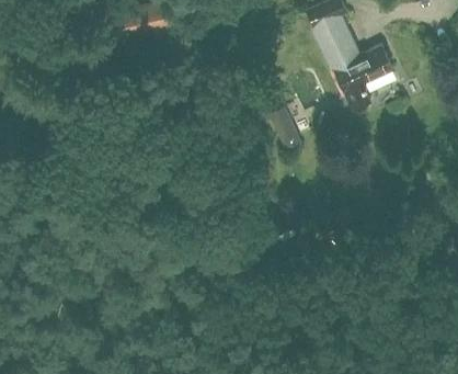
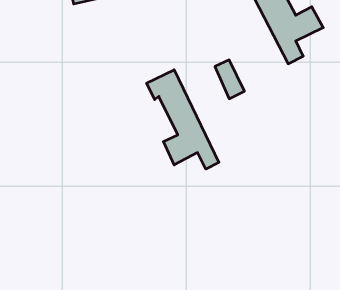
building: none -> [147,70,219,169]

